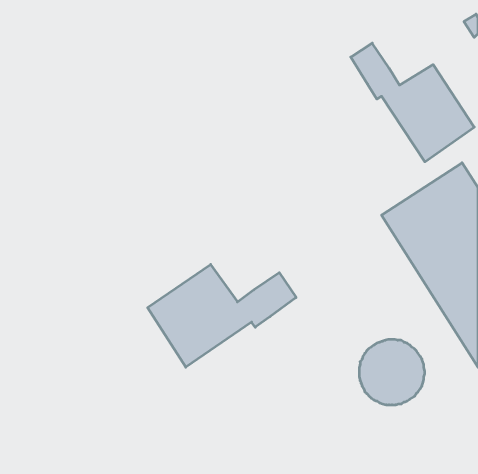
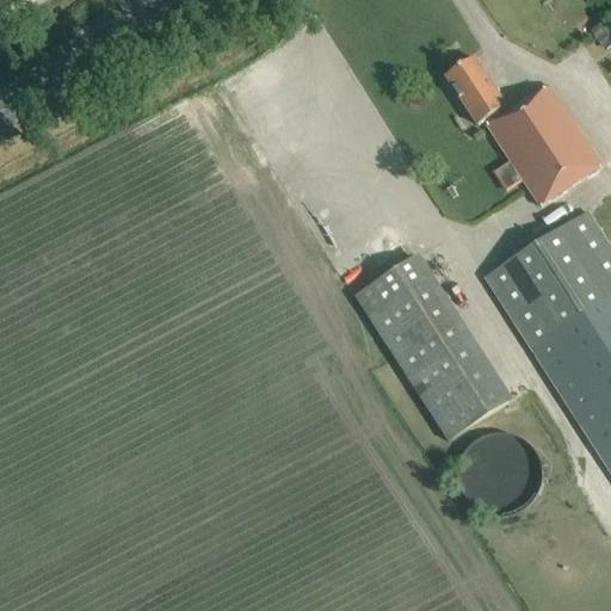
building: none -> [356,257,510,440]
building: [148,264,296,367] -> none

